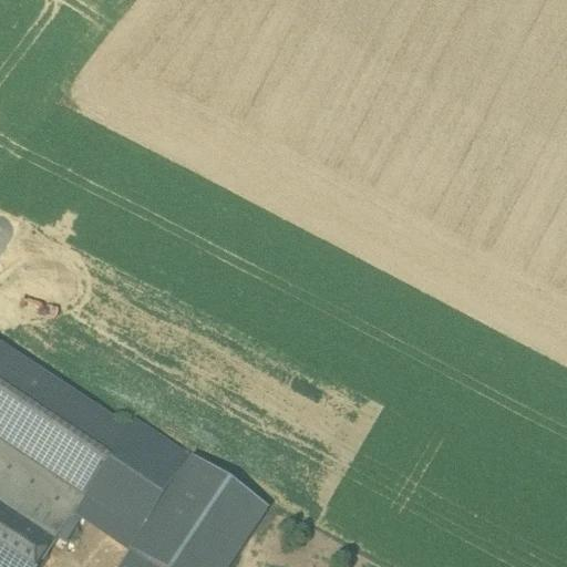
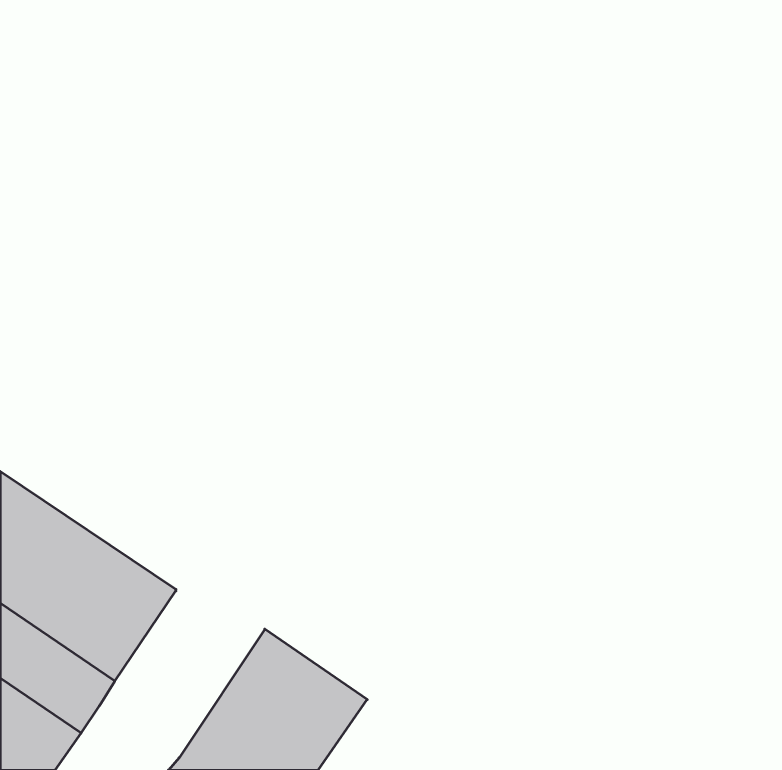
building: [72,416,192,548] -> none

